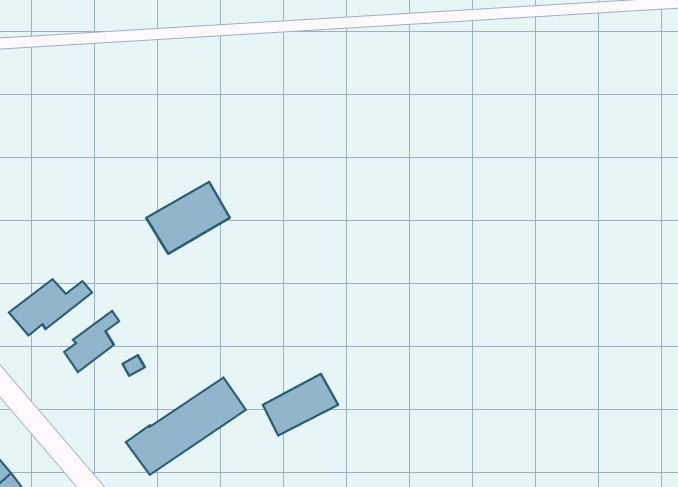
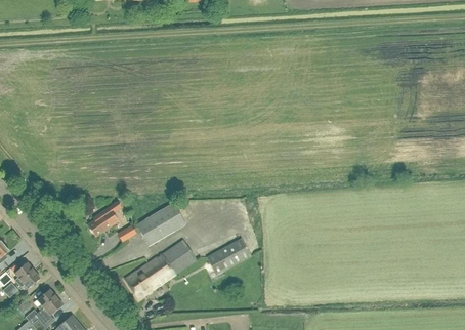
building: [146,182,230,254] -> [135,203,185,246]
building: [9,279,92,335] -> none

